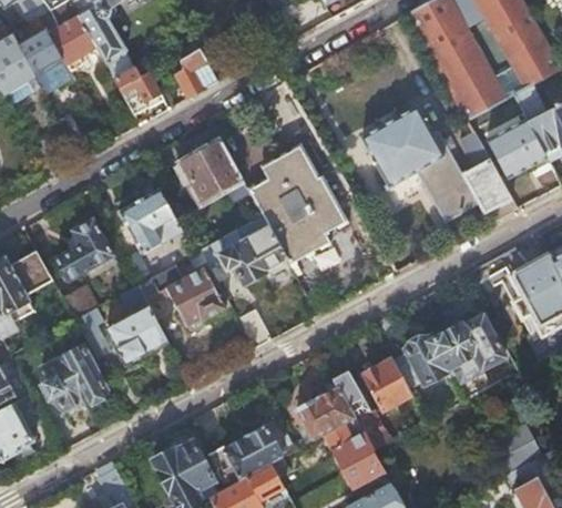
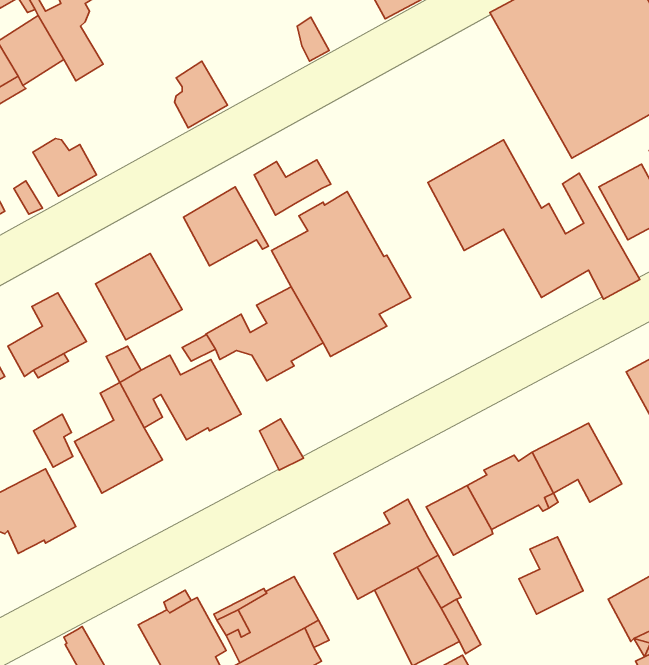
building: [114,68,161,110] -> [33,138,96,196]
building: none -> [254,160,331,215]
building: none -> [519,537,583,614]

